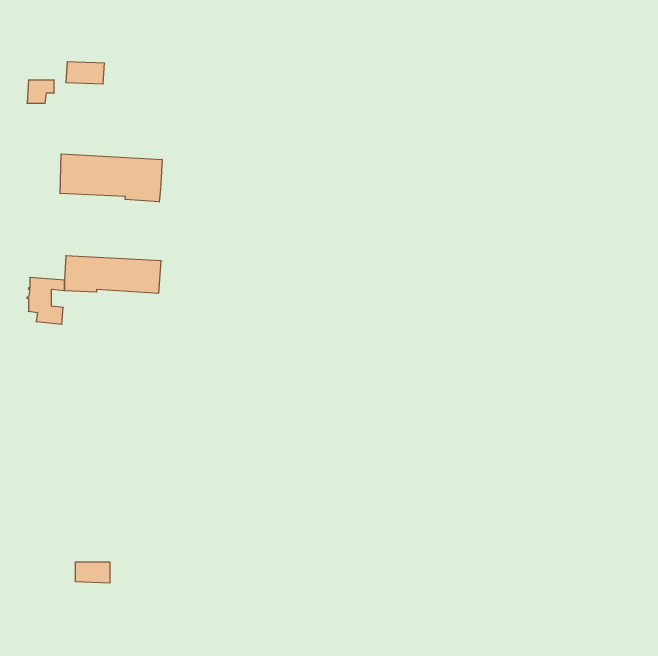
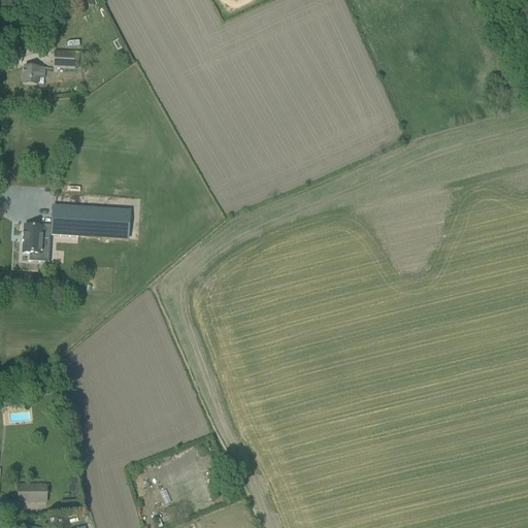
building: [60,154,162,202] -> none
building: [75,562,110,583] -> [19,484,46,500]

